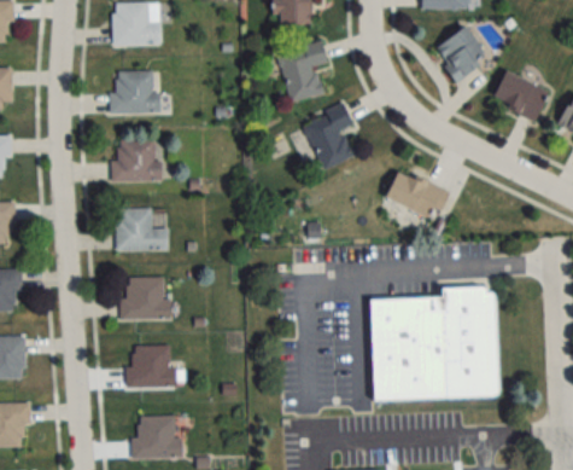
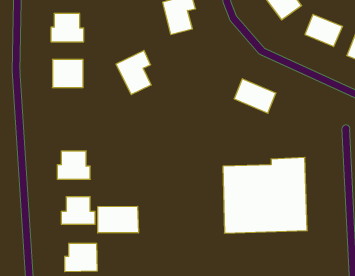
building: [302,103,355,169] -> [116,50,151,95]
building: [116,208,168,250] -> none
building: none -> [98,206,138,233]

